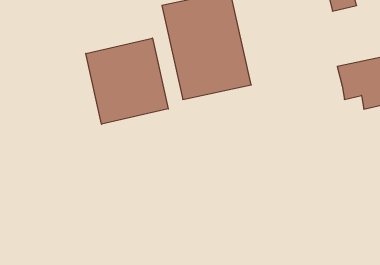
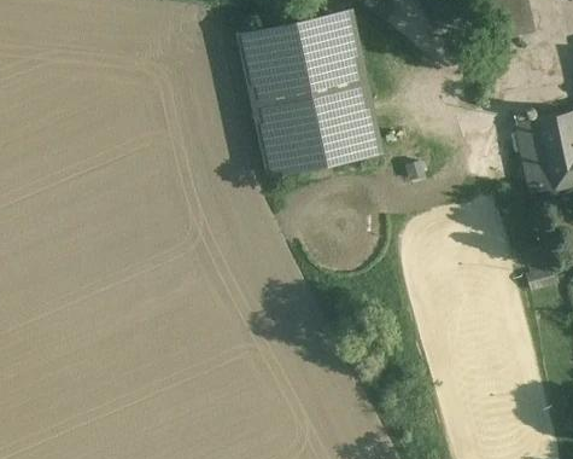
building: [86,38,168,124] -> none

